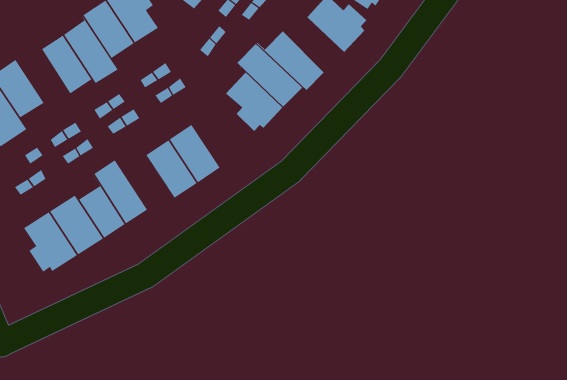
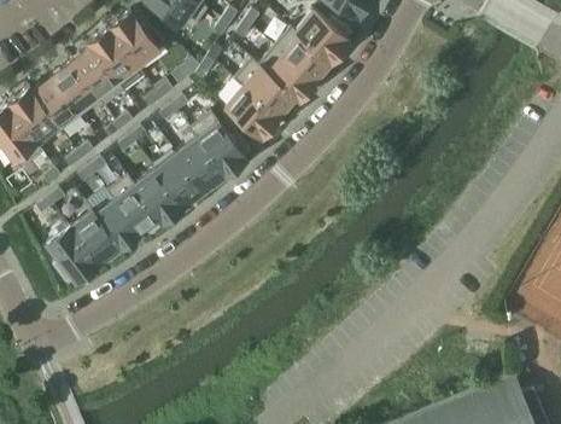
building: none -> [275,28,333,82]
building: none -> [30,77,82,127]
building: none -> [189,112,251,176]
building: none -> [135,169,185,223]

